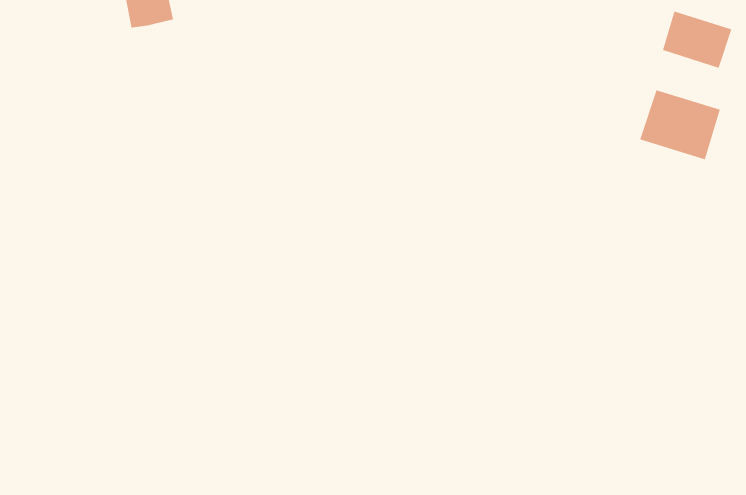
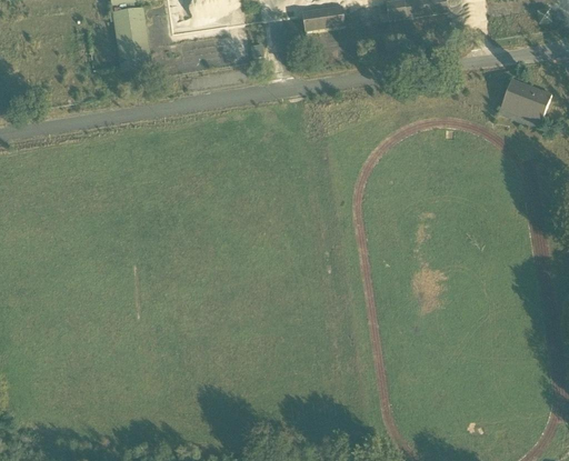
building: [640,90,720,160] -> none

